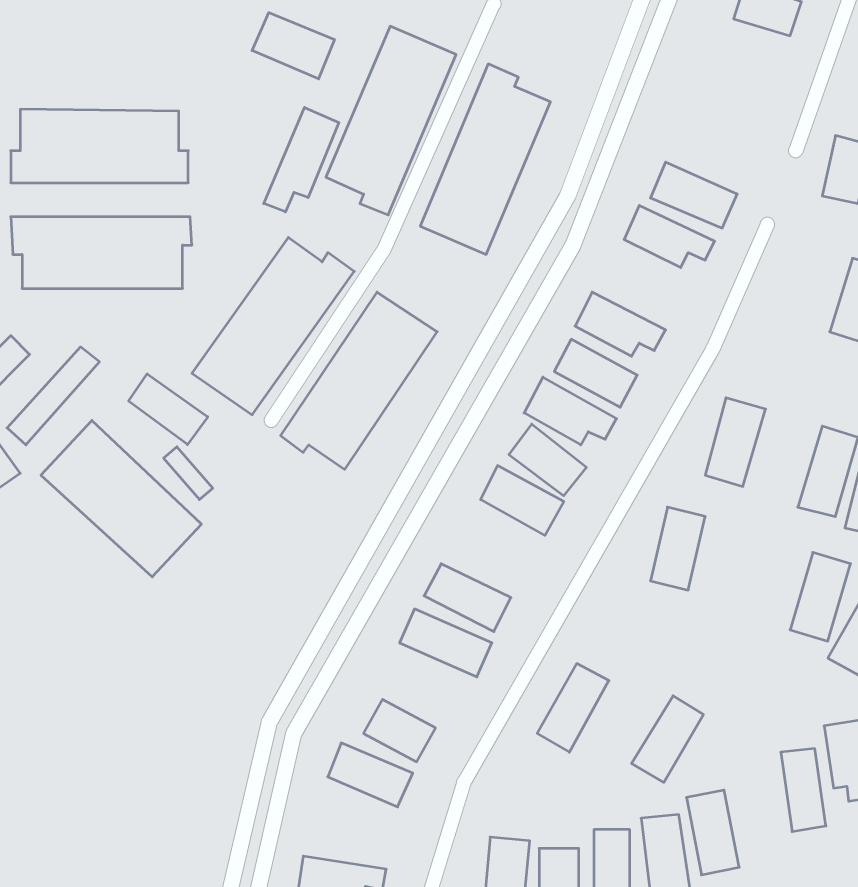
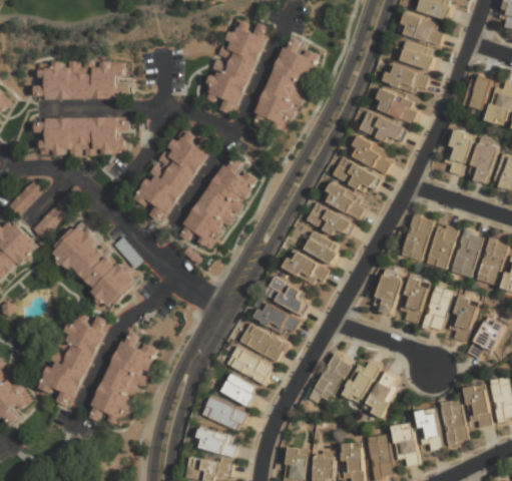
building: [252,13,334,79] -> none
building: none -> [398,12,445,45]
building: none -> [400,40,436,69]
building: [264,107,339,212] -> none
building: none -> [382,62,425,94]
building: none -> [444,128,475,174]
building: none -> [348,135,394,172]
building: [129,374,208,445] -> none
building: none -> [427,222,458,269]
building: none -> [264,276,307,314]
building: none -> [398,277,430,323]
building: none -> [423,285,453,332]
building: none -> [36,313,108,405]
building: none -> [88,328,155,430]
building: none -> [226,346,273,383]
building: none -> [342,361,379,403]
building: none -> [417,407,441,449]
building: none -> [193,427,238,457]

